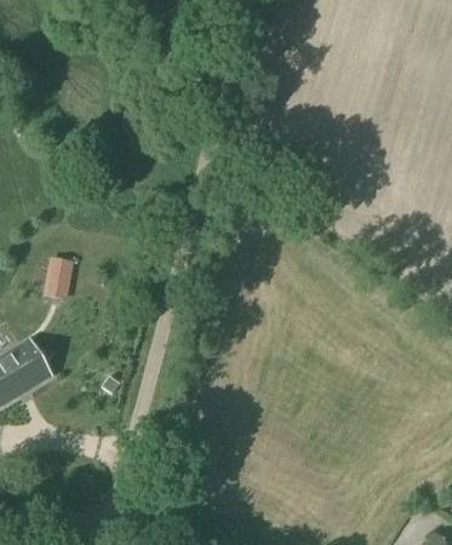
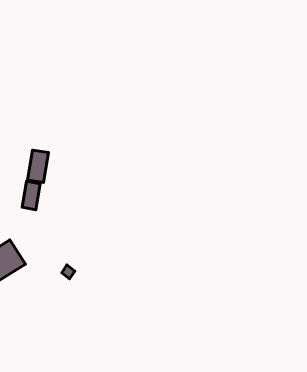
building: none -> [27,150,49,183]

